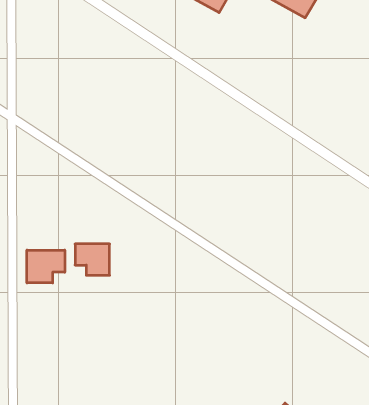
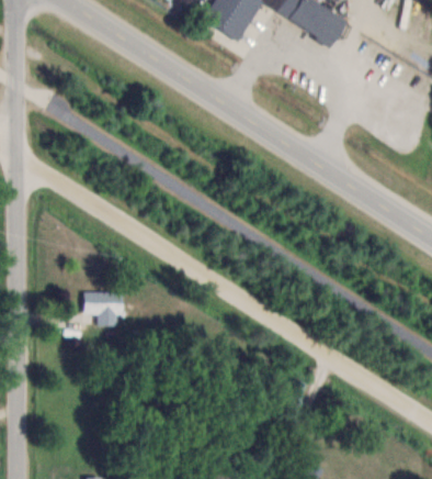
building: [27,250,65,283] -> none

